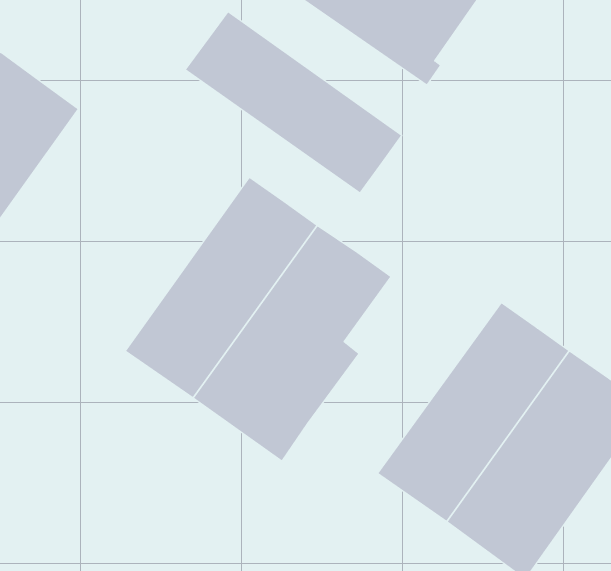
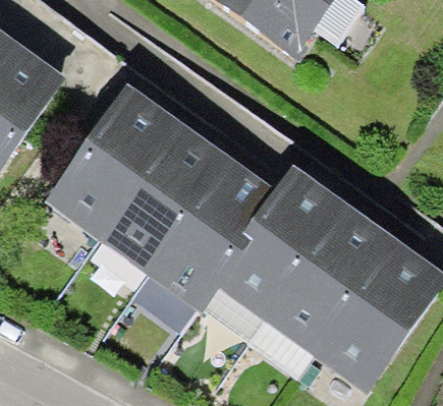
building: [185,11,402,193] -> none
building: none -> [44,84,179,238]
building: none -> [219,165,349,321]

